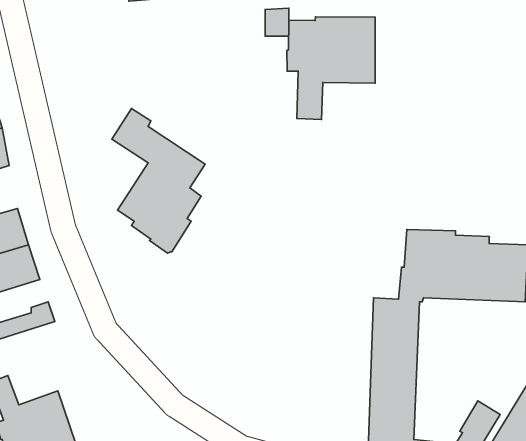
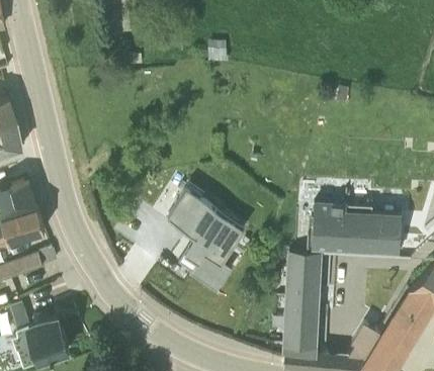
building: [287,17,375,119] -> none
building: [112,108,205,253] -> [175,185,243,290]

